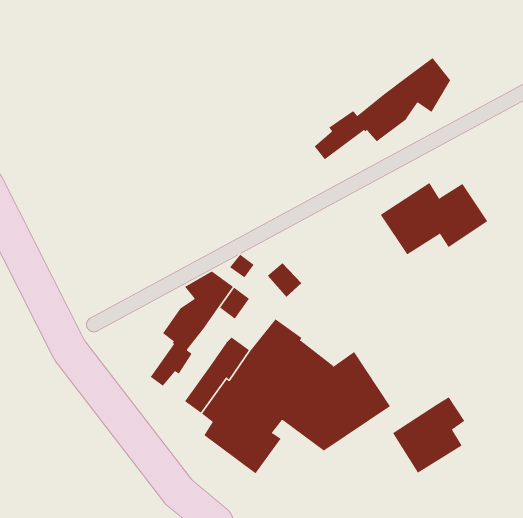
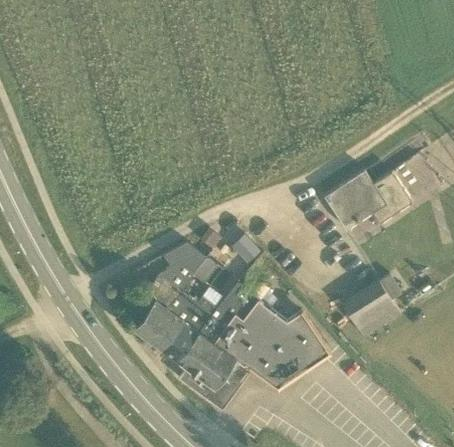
building: [314,57,451,160] -> none
building: none -> [145,289,196,349]
building: [392,397,465,473] -> [341,273,401,336]

